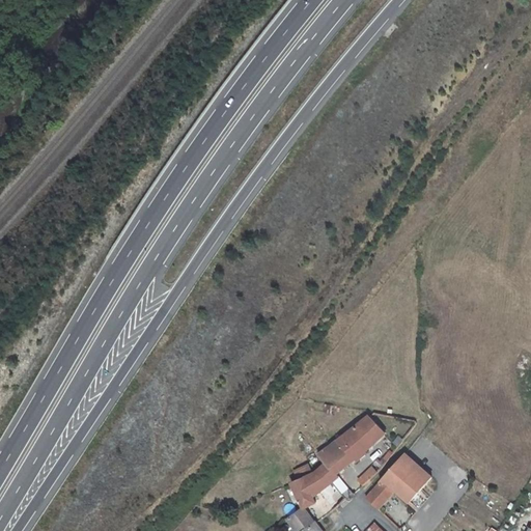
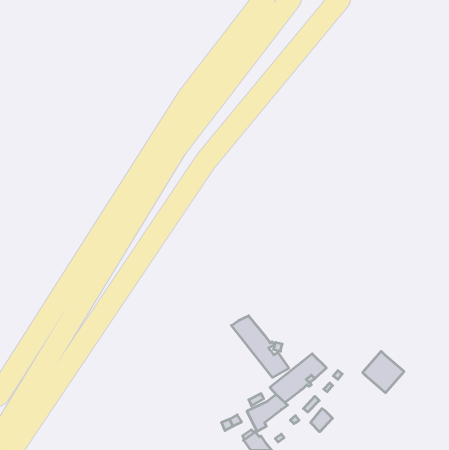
building: none -> [231,316,289,377]
building: [382,453,430,502] -> [363,351,404,393]

